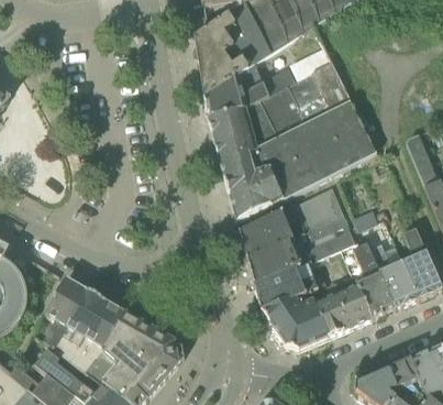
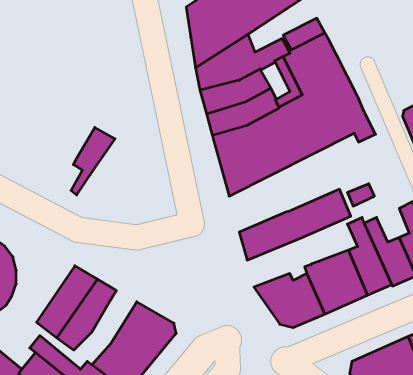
building: [239,186,344,255] -> none
building: [254,261,317,309] -> none
building: [43,277,86,343] -> [71,127,115,195]
building: [85,313,146,385] -> none

